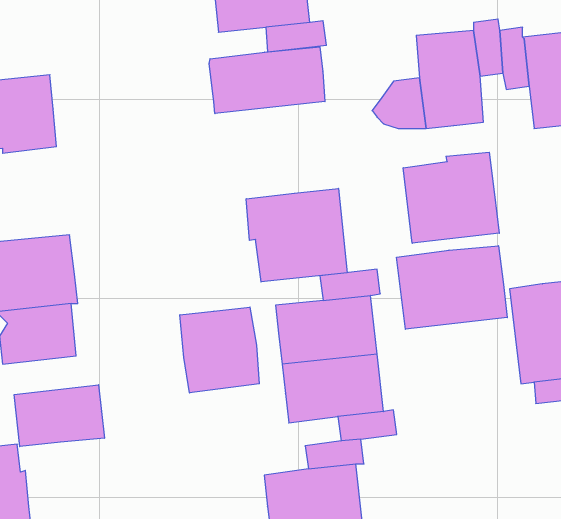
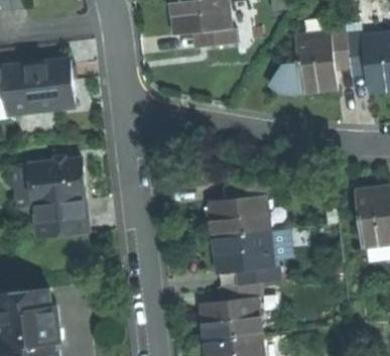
building: [209,47,325,114] -> none
building: [403,152,499,243] -> none
building: [246,188,347,282] -> none
building: [397,246,507,329] -> none
building: [180,307,259,393] -> none
building: [14,385,104,447] -> none

